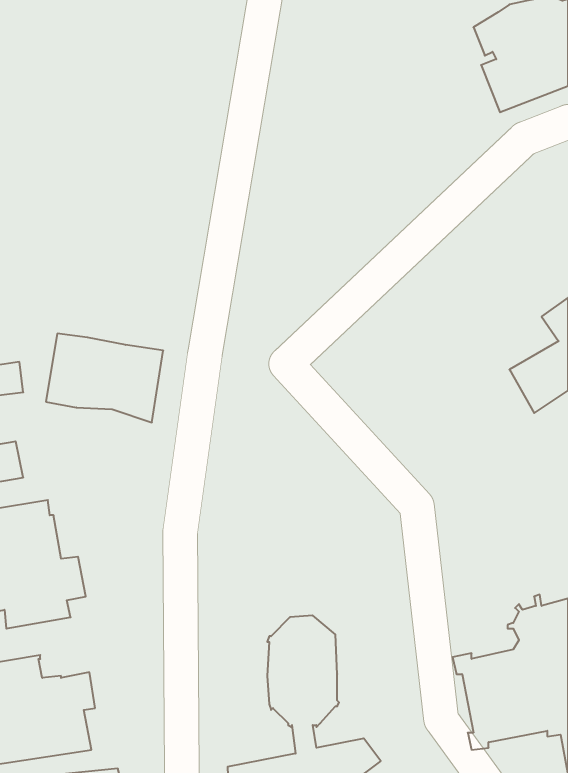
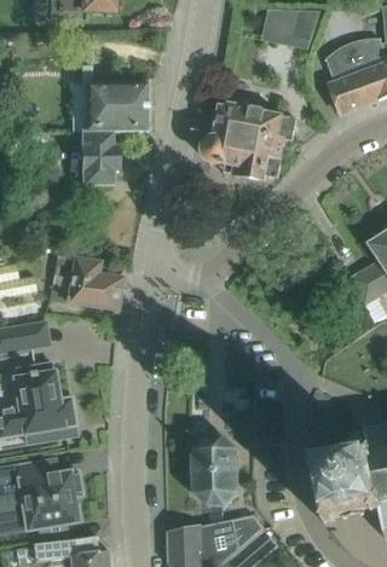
building: none -> [80,82,146,186]
building: none -> [203,94,295,180]

